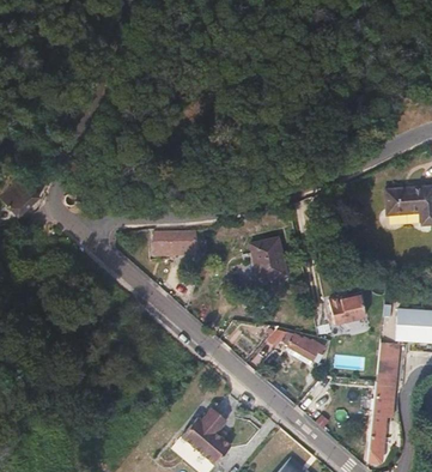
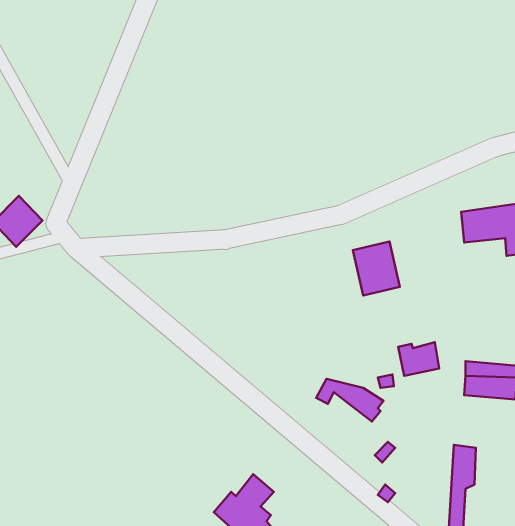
building: [153,230,195,253] -> none
building: [249,236,287,280] -> [353,241,400,296]
building: [378,339,400,382] -> none

